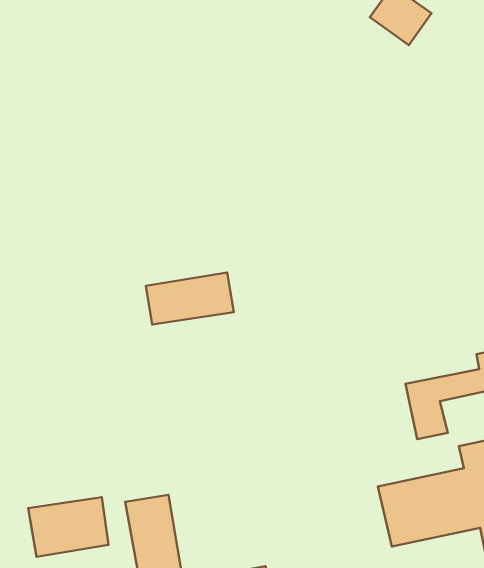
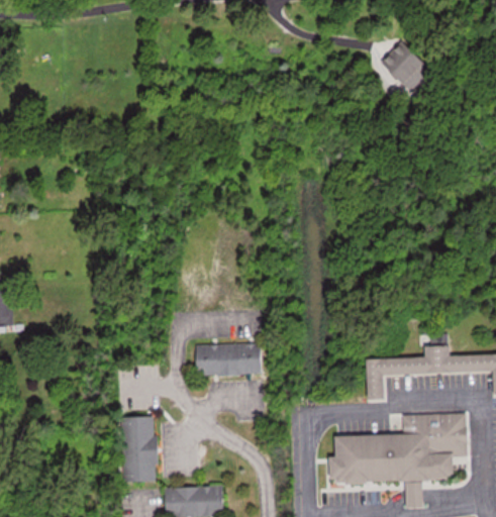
building: [146,272,234,324] -> [196,343,263,376]
building: [28,497,109,557] -> none

